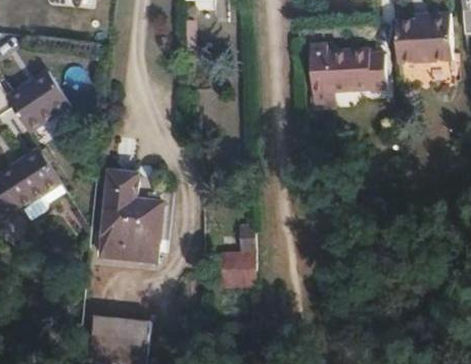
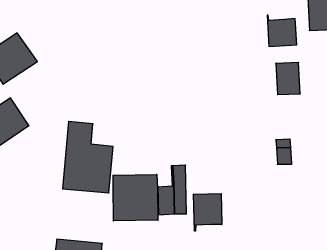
building: [323,46,352,85] -> [276,63,300,95]
building: none -> [113,174,158,221]
building: none -> [193,194,222,231]

